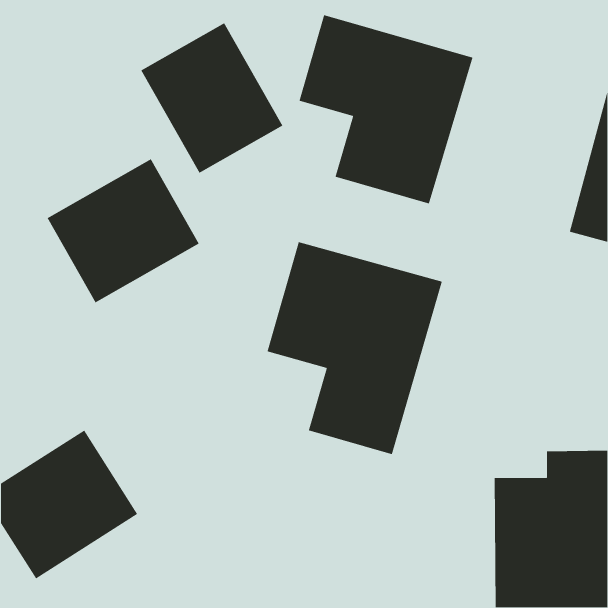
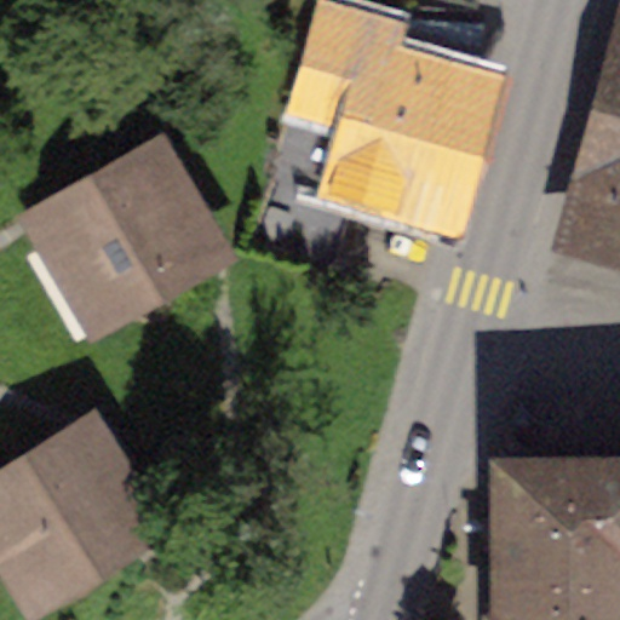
building: [140,22,283,174] -> none
building: [266,241,443,455] -> none

